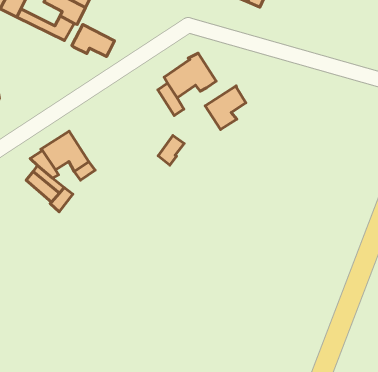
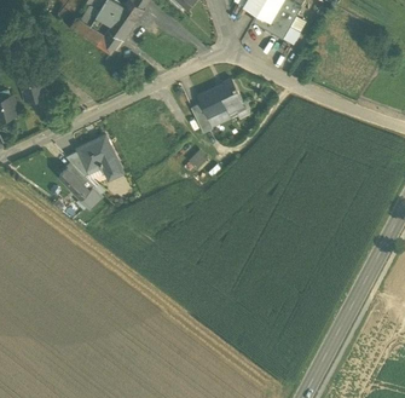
building: [72,24,115,57] -> none
building: [205,86,246,129] -> none

